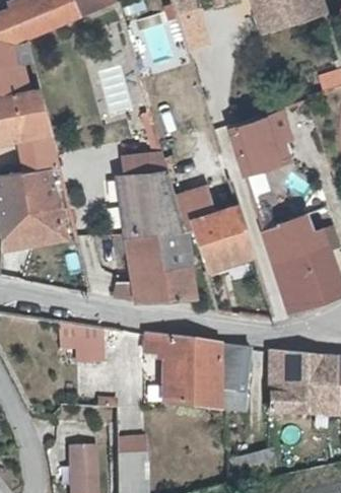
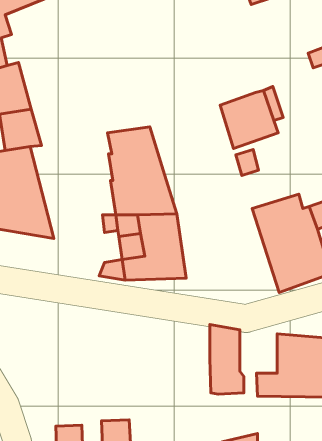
building: [177,187,254,267] -> none
building: [58,327,104,361] -> none
building: [145,333,222,410] -> none
building: [267,350,287,391] -> none

